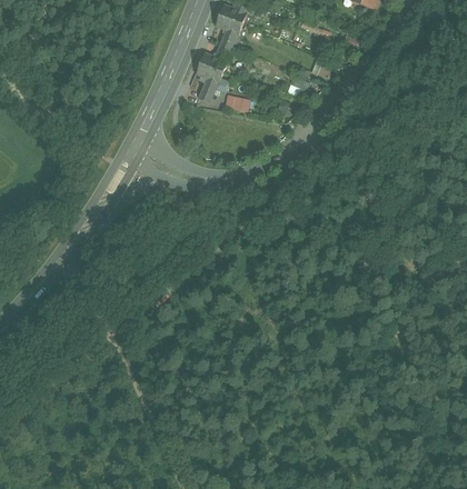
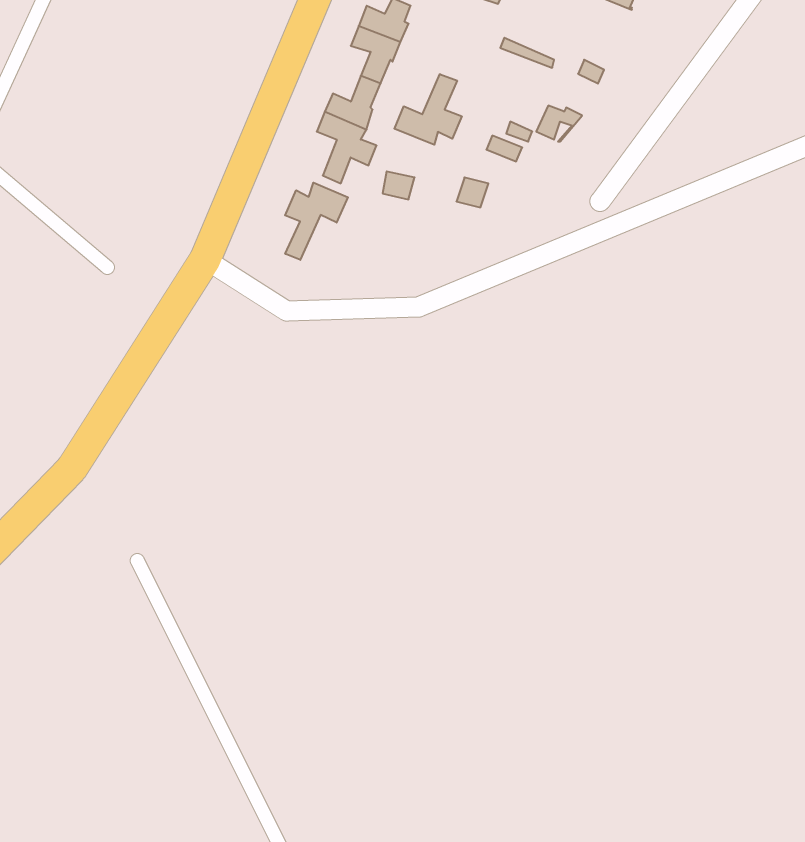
building: none -> [394,74,462,145]
building: none -> [285,183,348,260]

